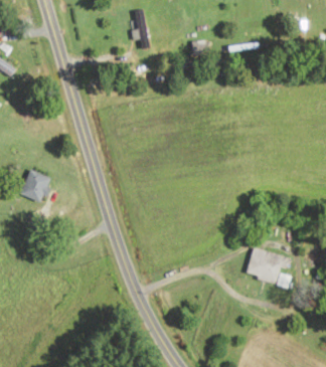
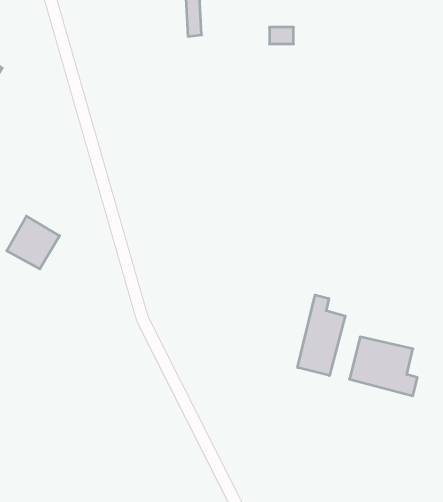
building: none -> [298,295,345,376]

